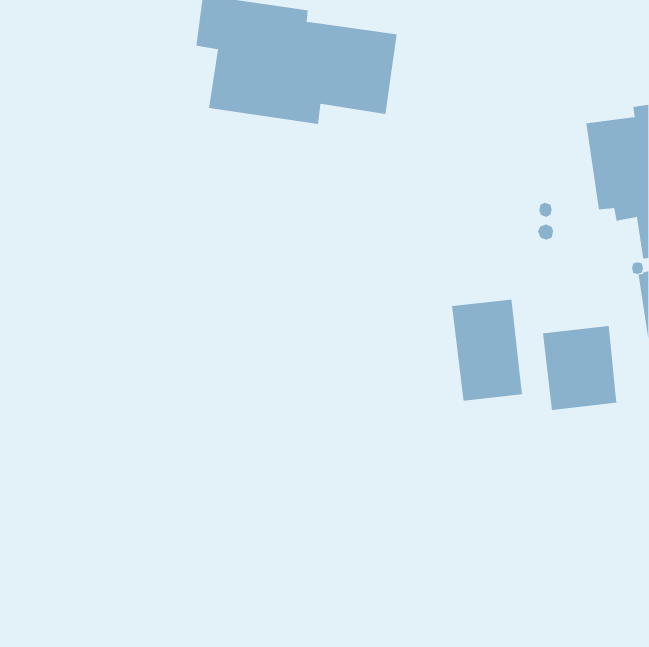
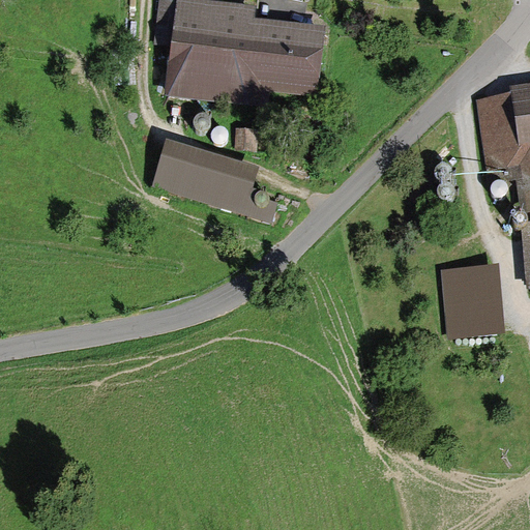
building: none -> [153,139,279,222]
building: [451,299,522,401] -> none

